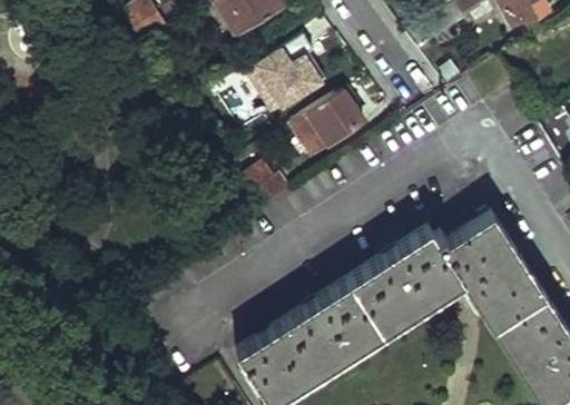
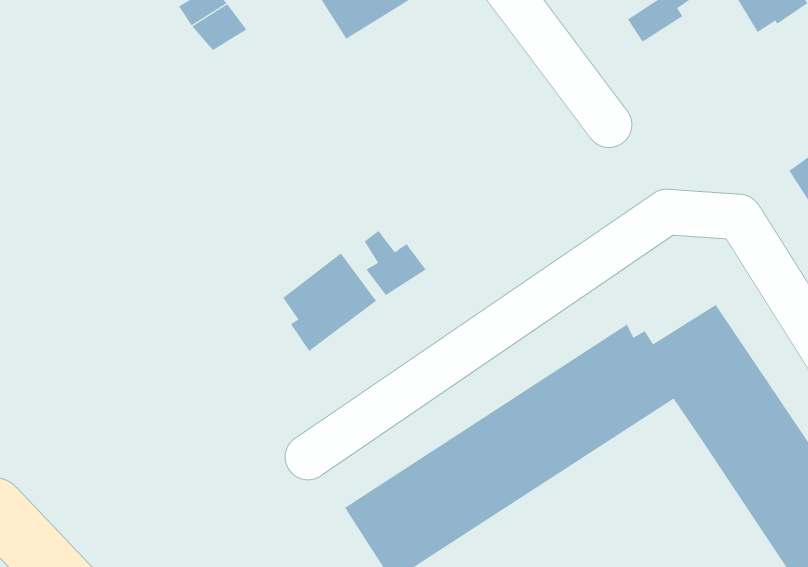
building: [243,32,325,113] -> none
building: [292,90,363,154] -> none
building: none -> [283,252,377,352]

